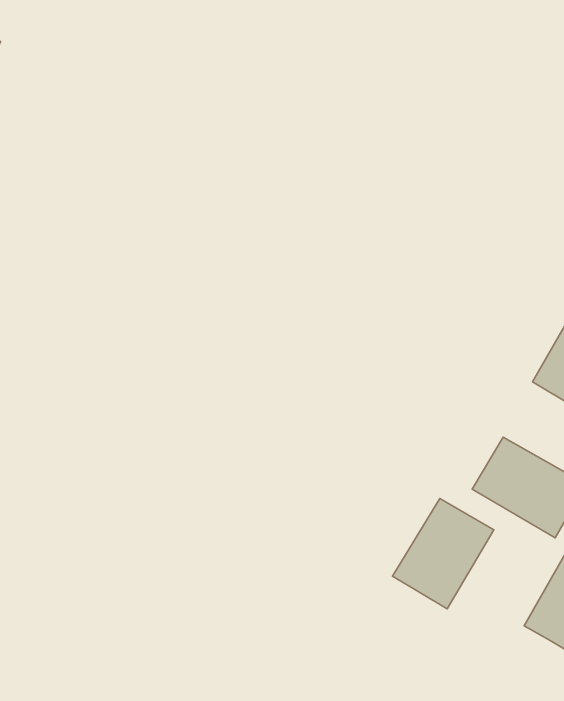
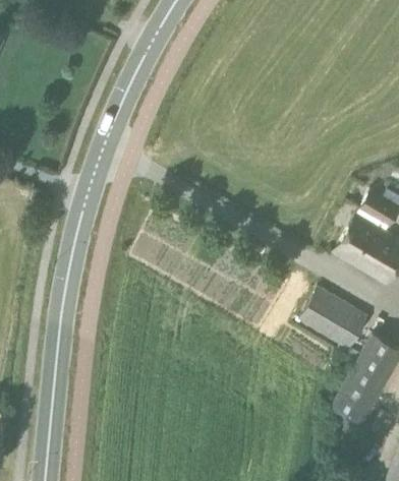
building: [393,498,494,609] -> none

